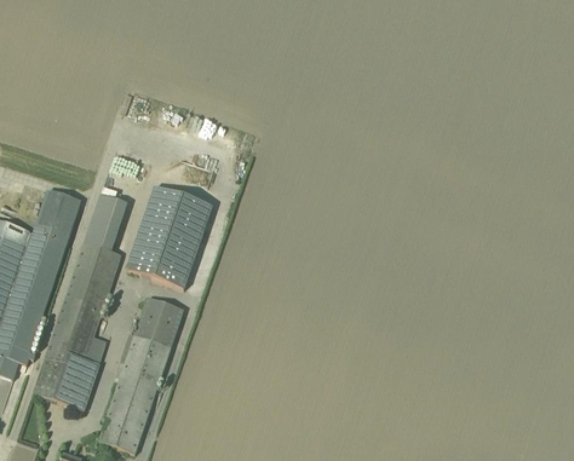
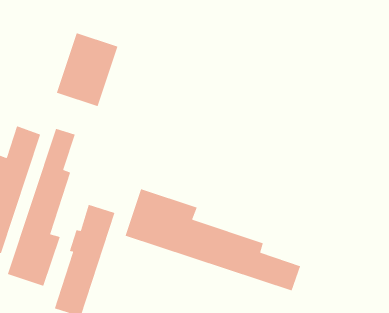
building: [126,185,212,288] -> [56,32,119,107]
building: none -> [125,188,301,292]

